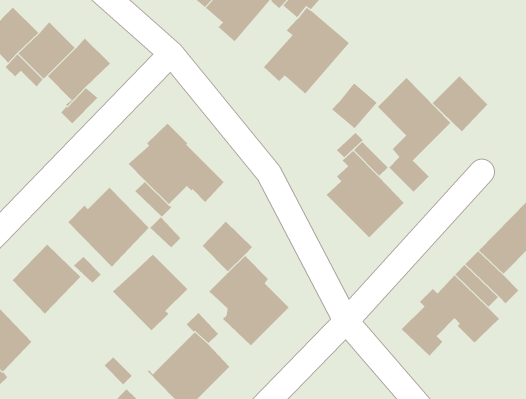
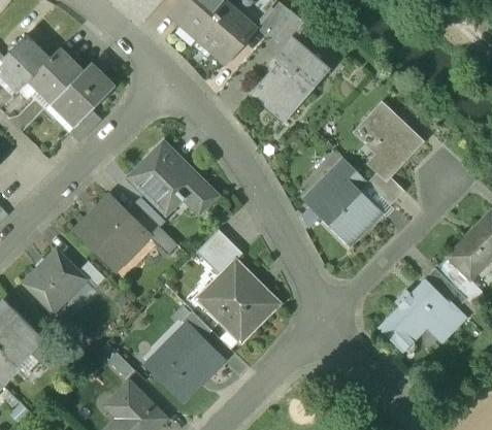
building: [432,76,488,132] -> none
building: [331,82,378,129] -> none
building: [112,254,188,331] -> none

